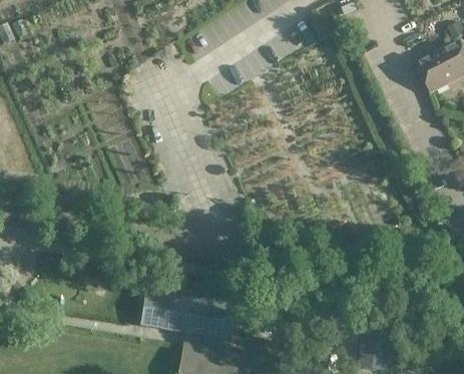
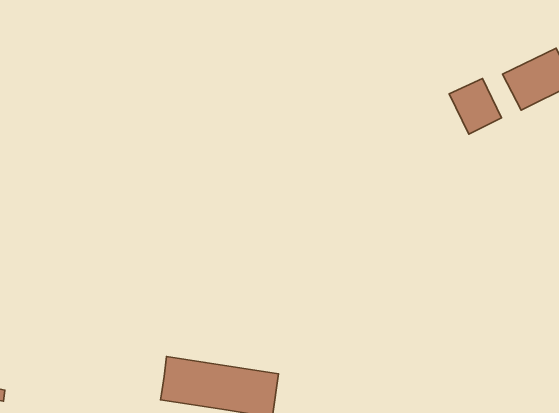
building: none -> [449,78,501,134]

